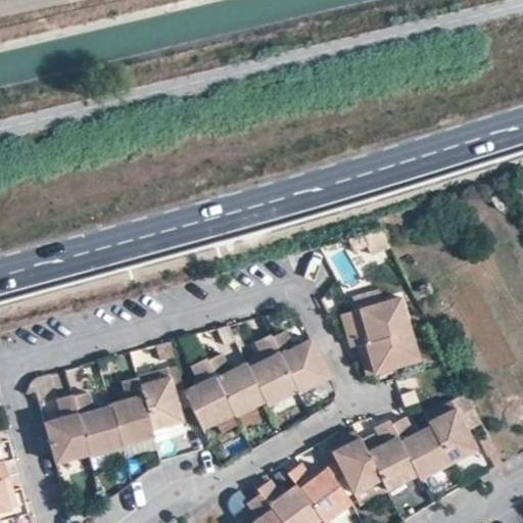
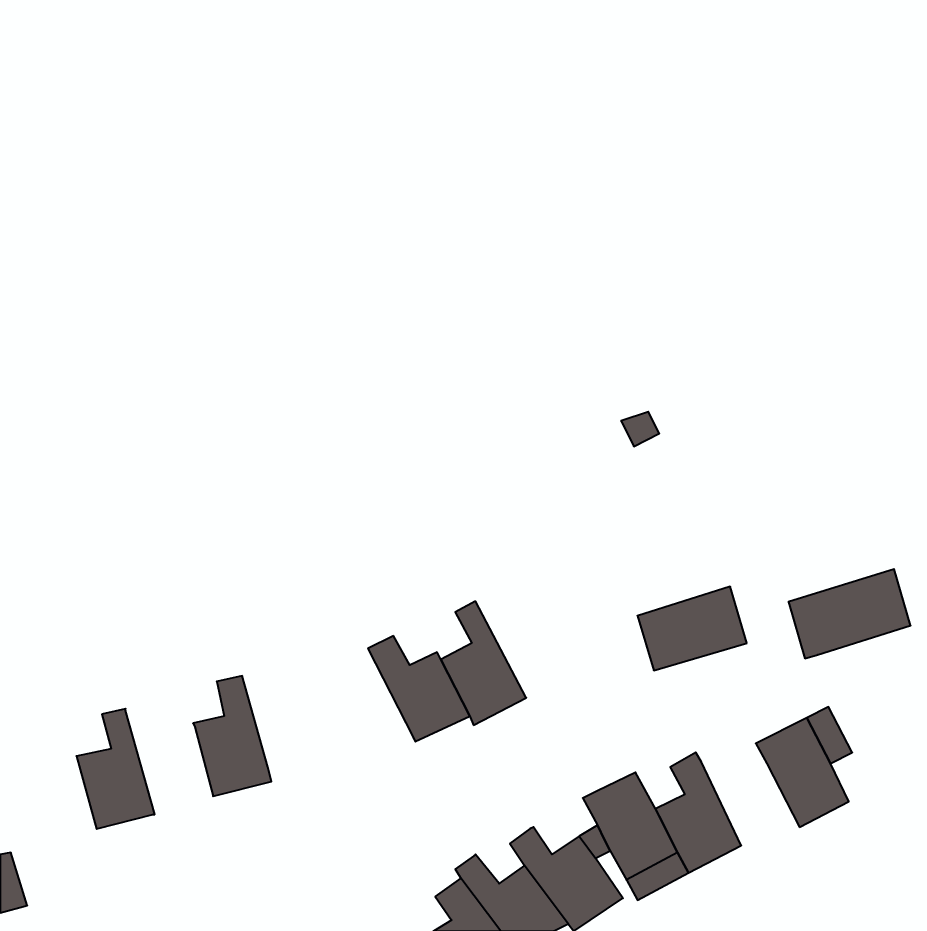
building: [343,297,412,347] -> [788,569,911,658]
building: [271,331,329,393] -> none
building: [186,362,234,430] -> none
building: [138,371,182,430] -> none
building: [73,394,123,459] -> none
building: [395,420,450,478] -> none

